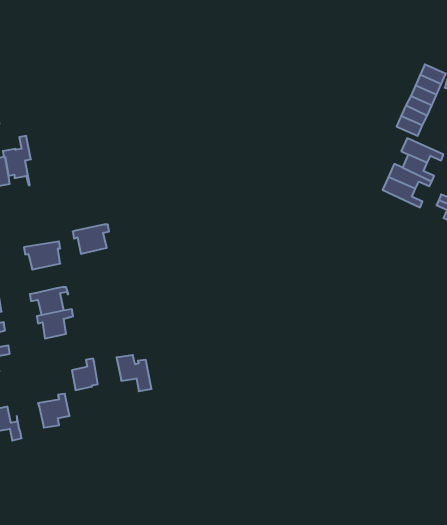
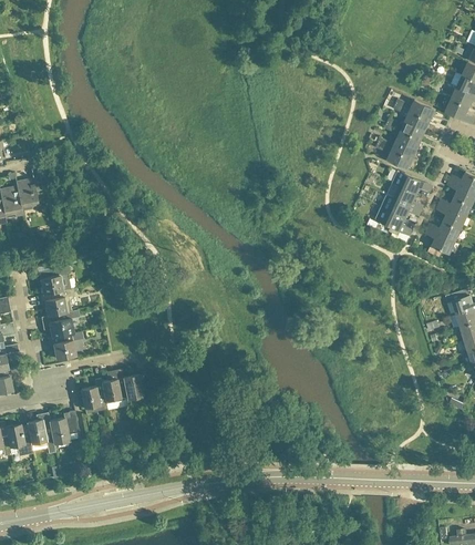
building: [73,225,109,254] -> [40,289,74,317]
building: none -> [102,373,127,404]
building: none -> [27,413,55,454]

